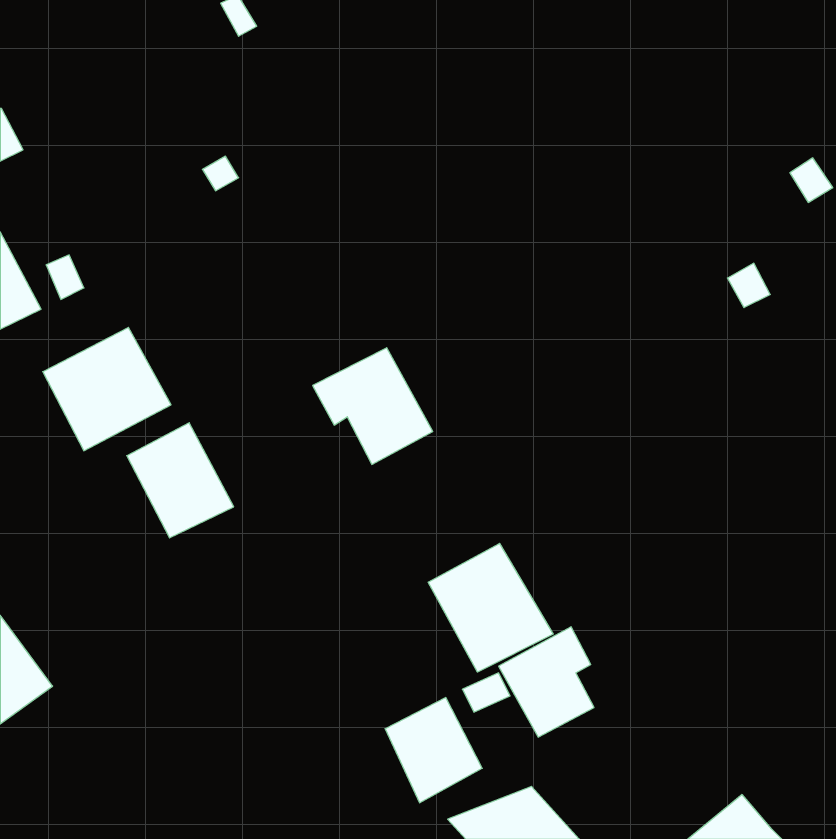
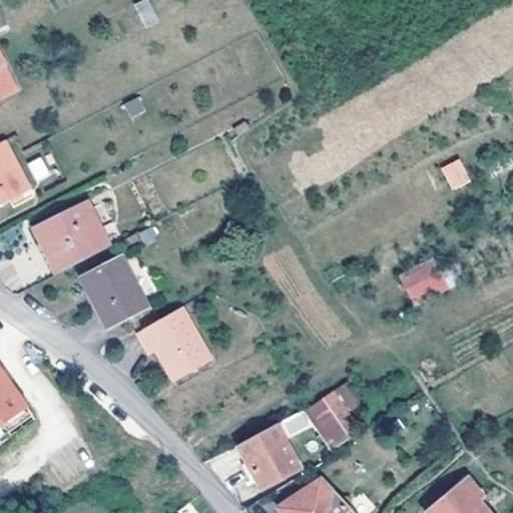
building: [313,348,433,464] -> [135,307,208,378]
building: none -> [401,255,451,303]
building: [428,543,553,672] -> none

